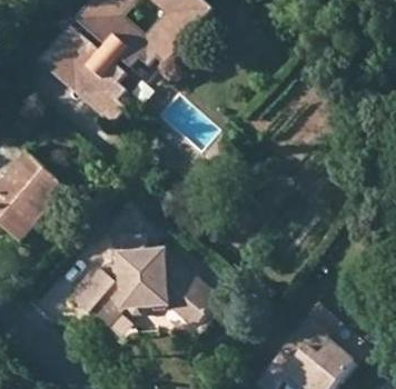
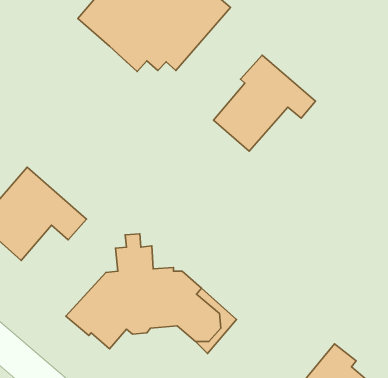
building: [37,27,128,129] -> none
building: none -> [213,55,316,151]

